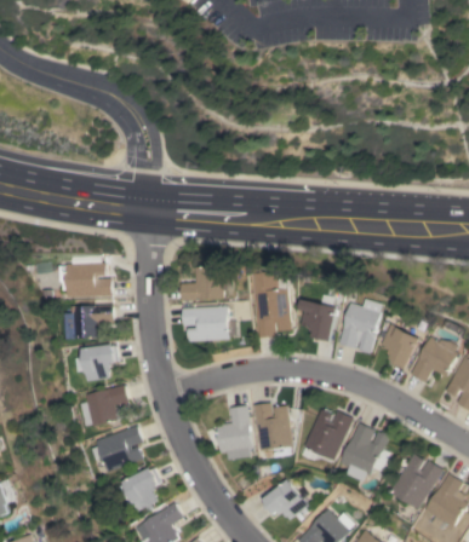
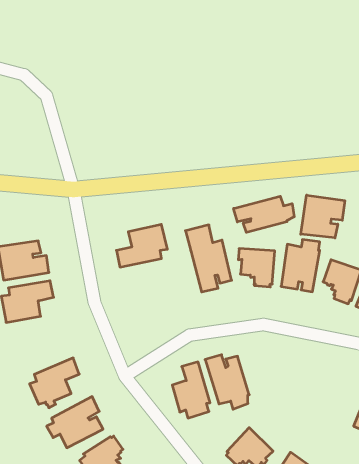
building: none -> [234,196,294,232]
building: none -> [301,195,345,238]
building: [182,305,230,340] -> none
building: [79,344,116,380] -> none
building: [302,409,353,462] -> none
building: [342,422,390,480] -> none

